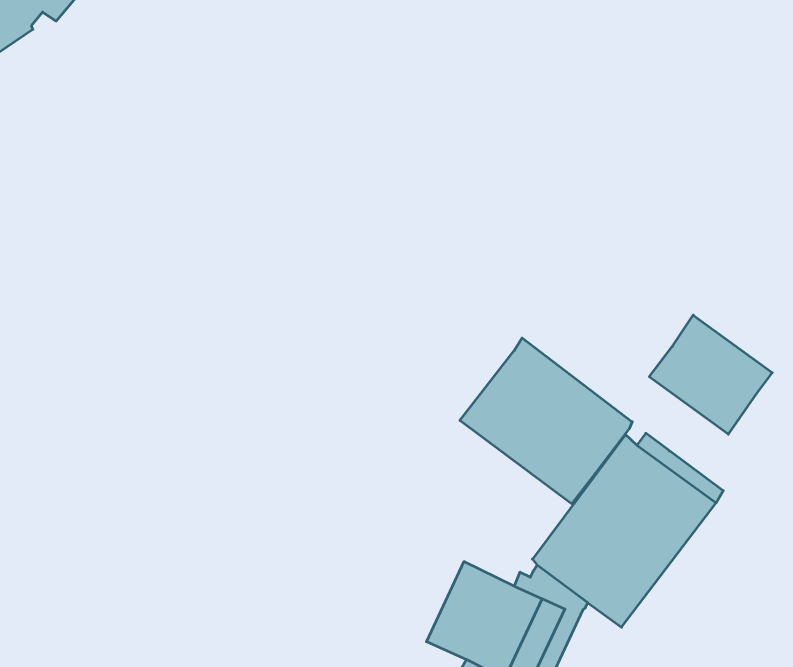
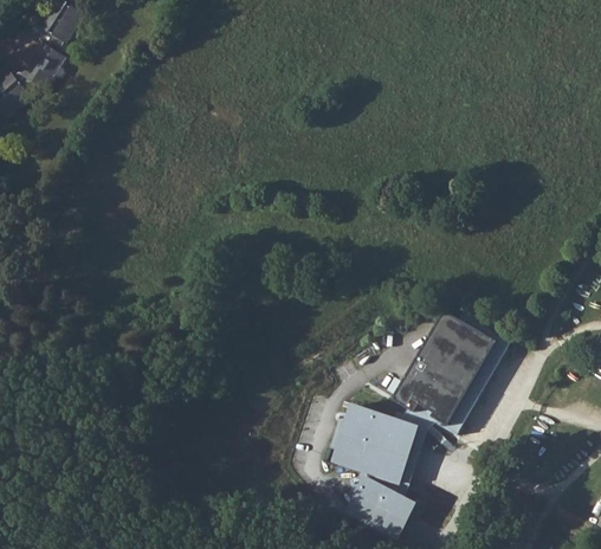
building: [649,315,772,434] -> none
building: [460,338,632,504] -> none

